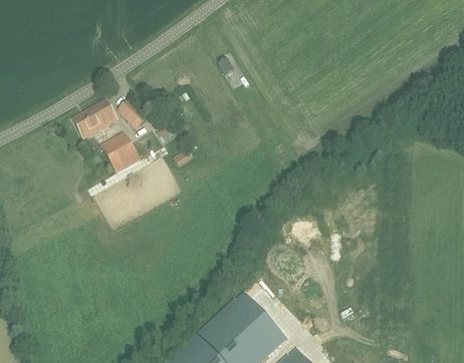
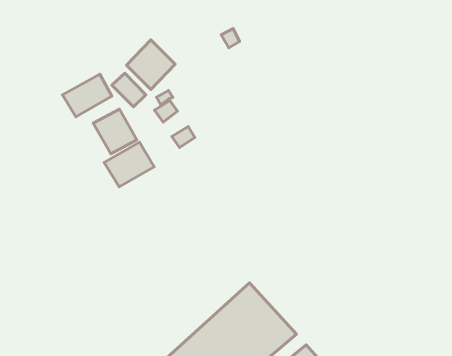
building: none -> [127,40,175,89]
building: none -> [104,142,154,187]

